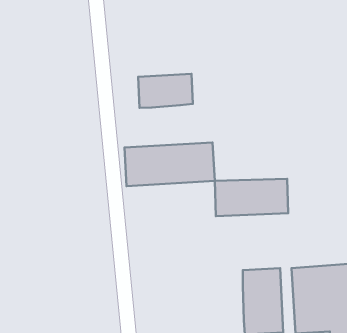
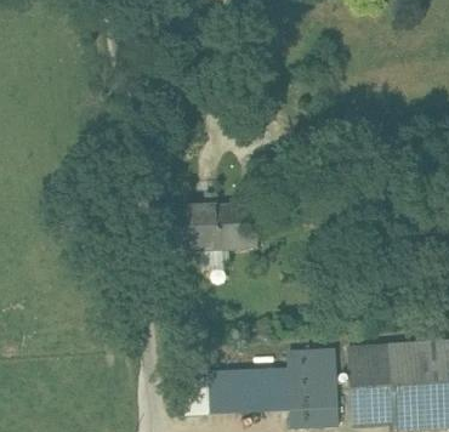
building: [138,74,193,108] -> none
building: [215,179,288,216] -> [206,370,292,414]

